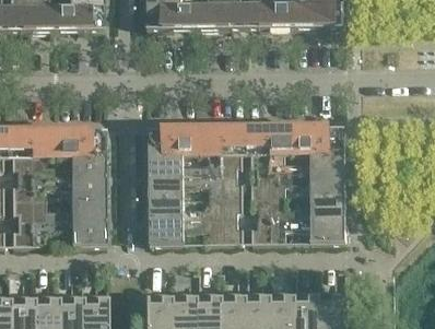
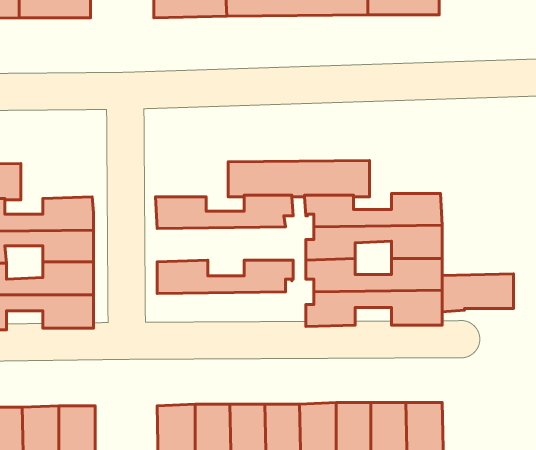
building: [295,125,344,151] -> [442,274,514,312]
building: [148,127,198,152] -> none
building: [55,128,104,153] -> none
building: [149,172,243,196] -> none
building: [149,216,243,242] -> none

